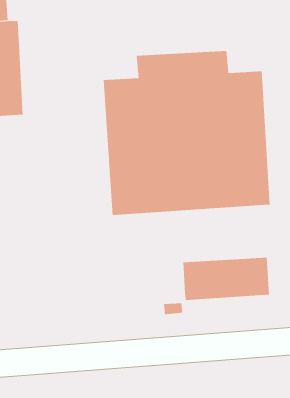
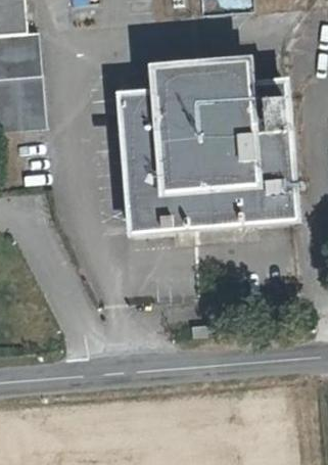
building: [183,257,270,301] -> none

